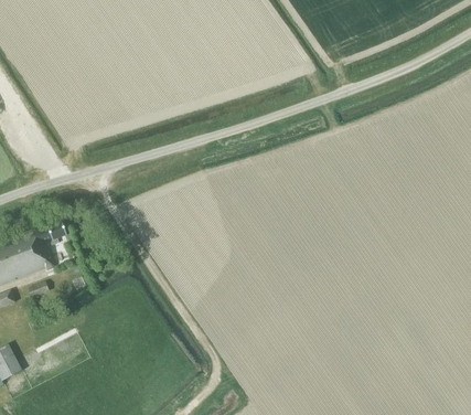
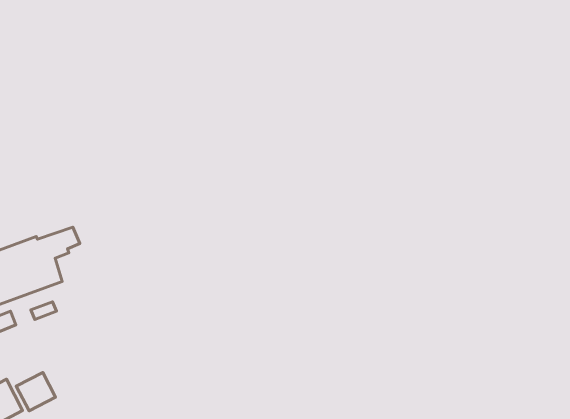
building: none -> [16,372,56,411]

